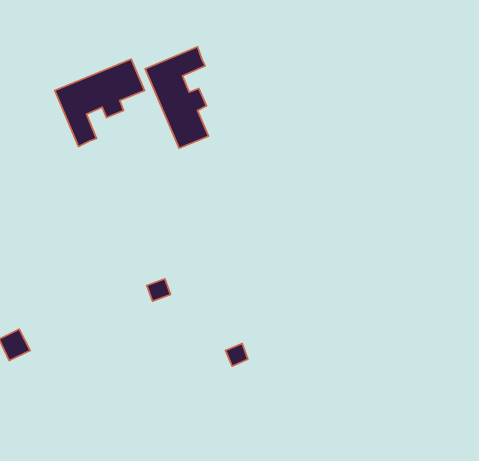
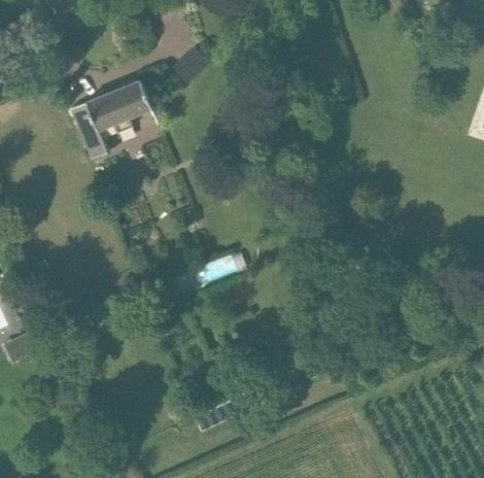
building: [145,47,209,148] -> none

